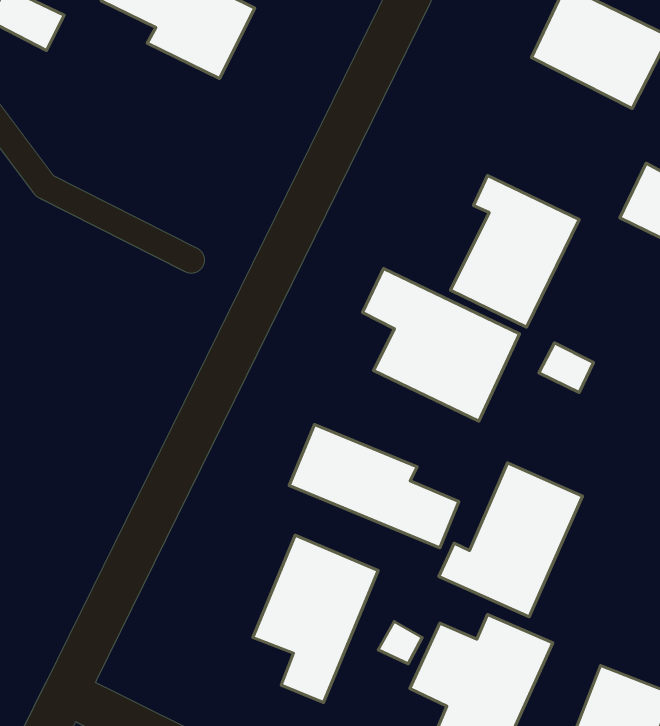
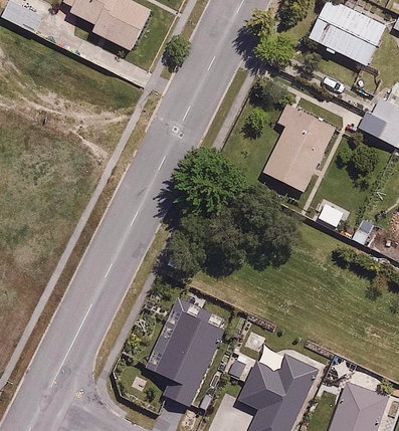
building: [362,268,520,421] -> none
building: [289,424,459,548] -> none
building: [439,463,583,617] -> none

